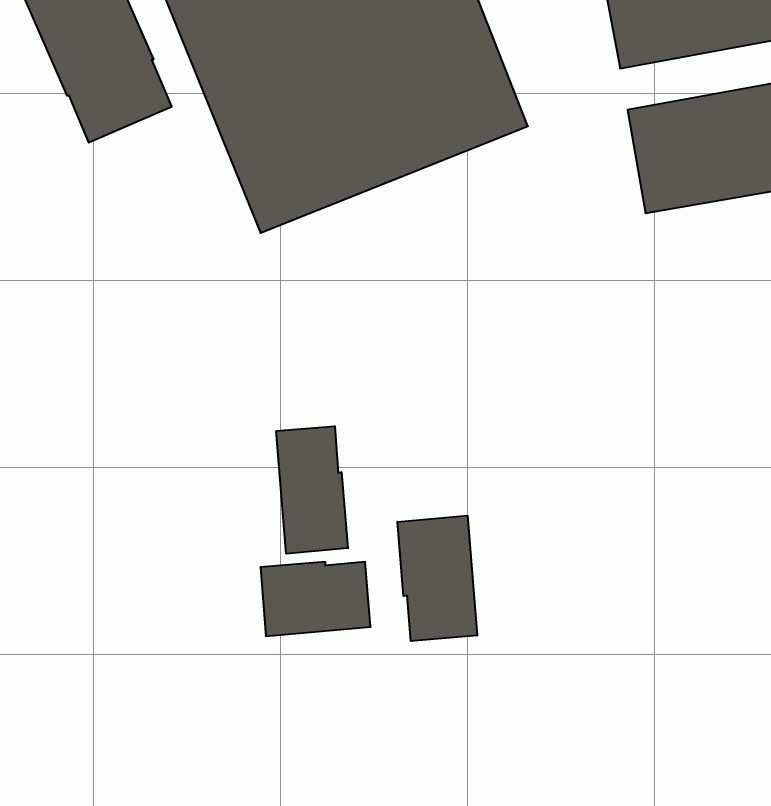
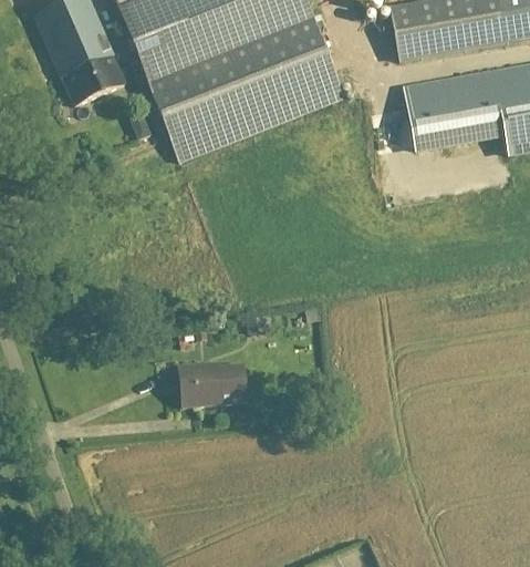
building: [276,426,348,554] -> none
building: [397,516,477,641] -> none

